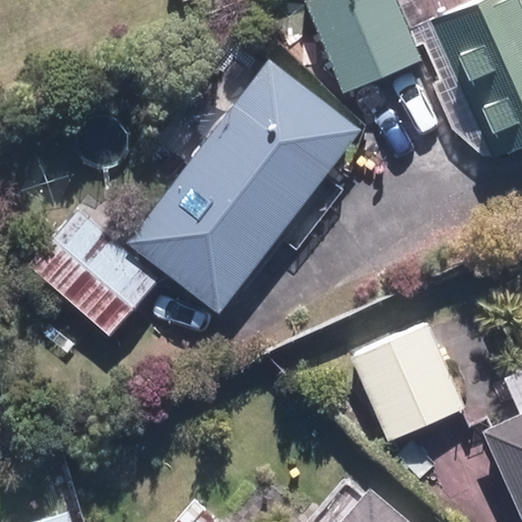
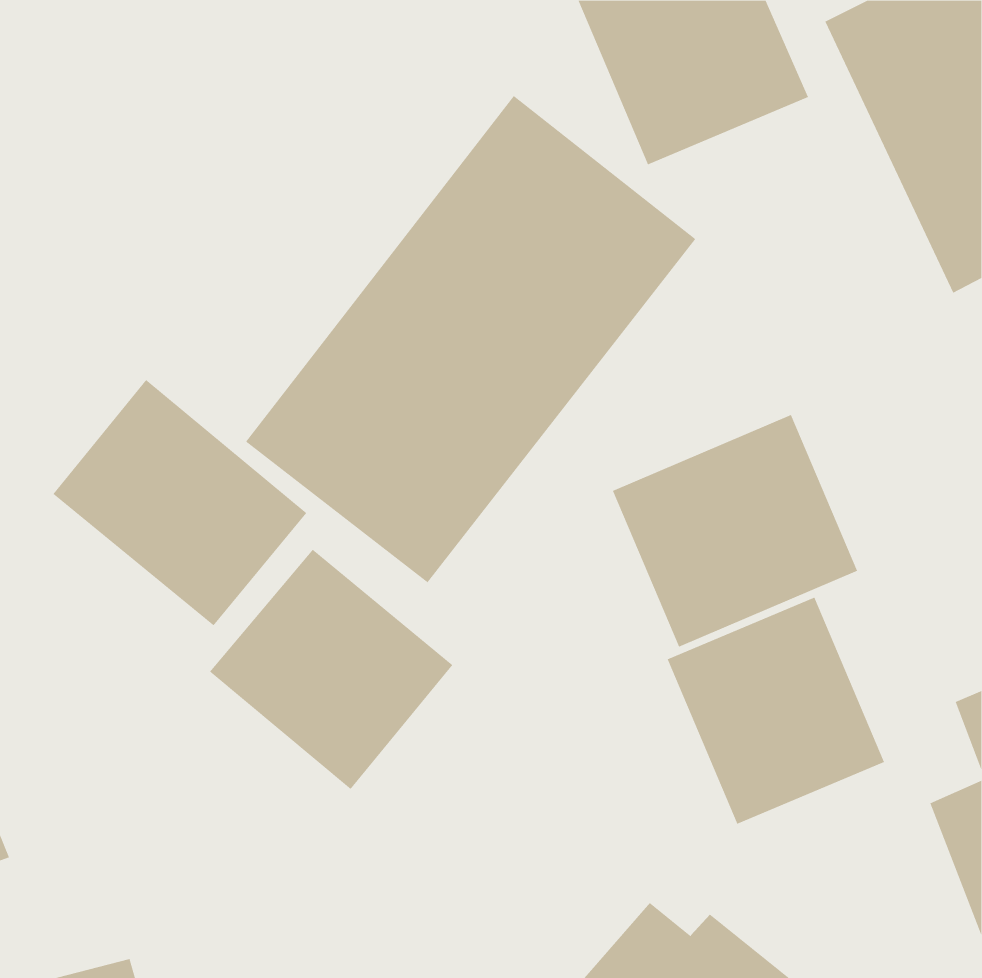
building: none -> [612,414,858,647]
building: none -> [209,549,453,790]

